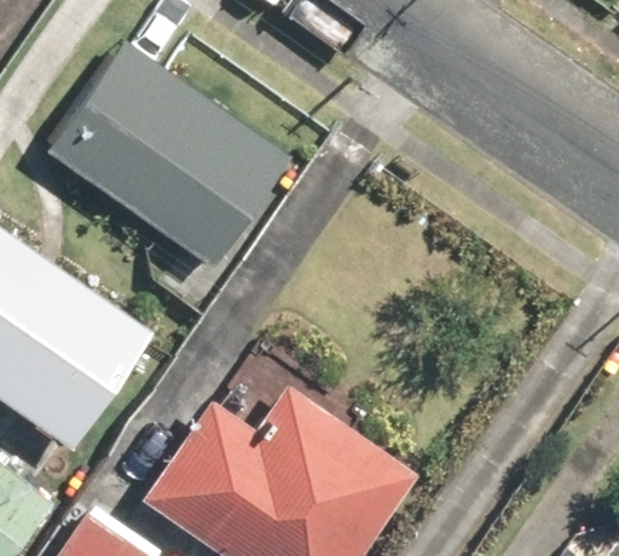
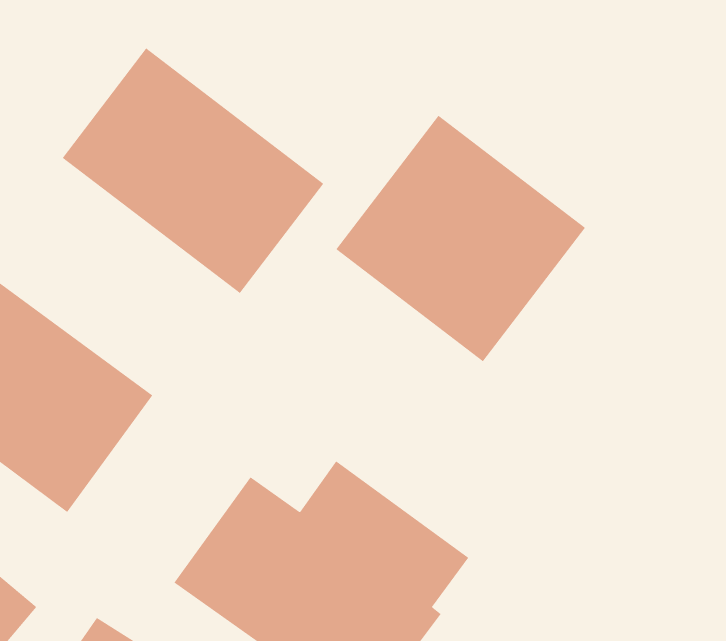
building: none -> [335,115,586,362]

